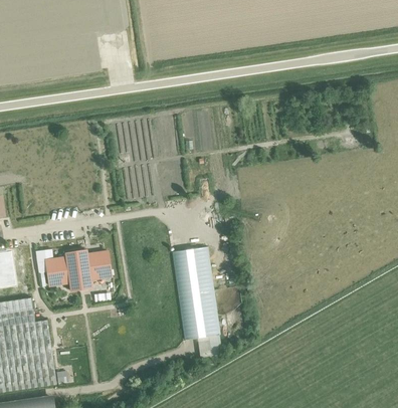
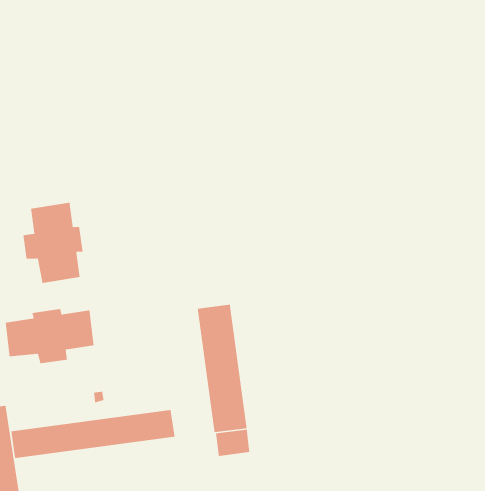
building: none -> [23,202,84,284]
building: none -> [10,409,176,459]

